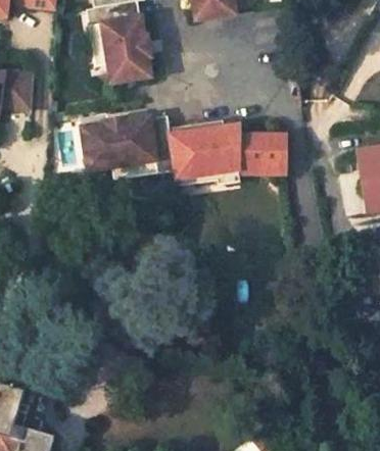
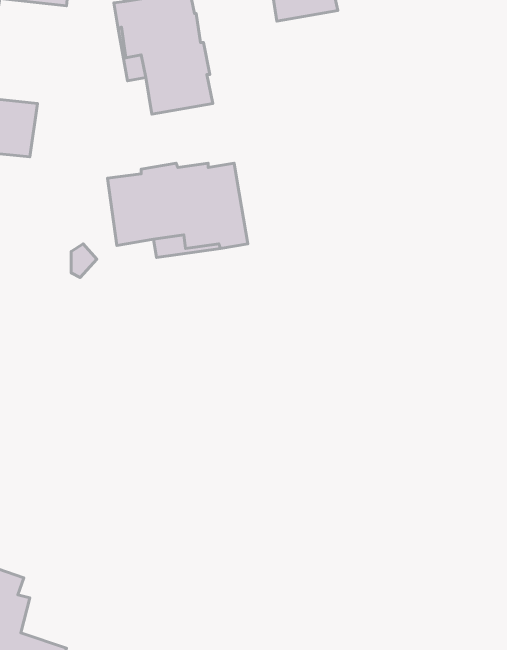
building: [169,122,285,185] -> none

